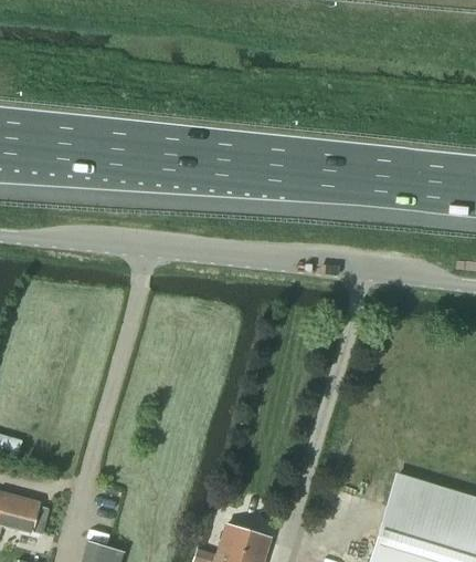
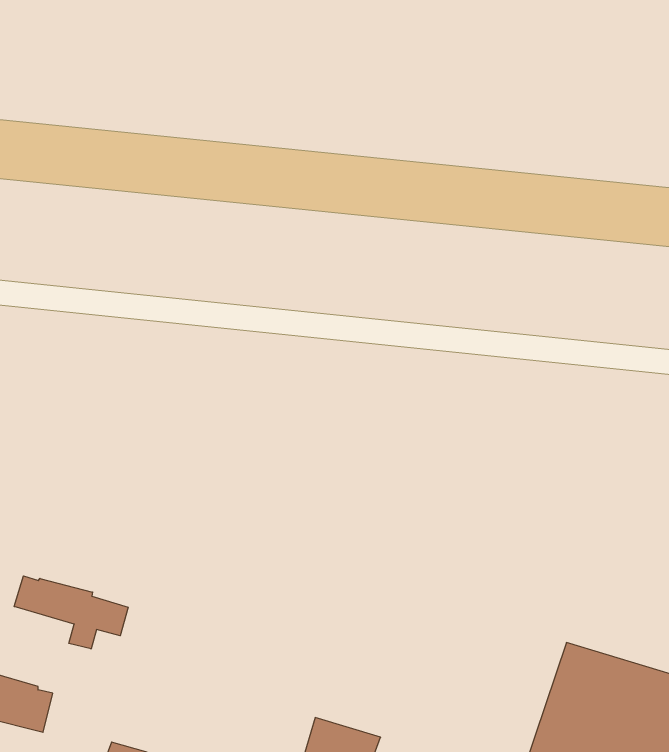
building: none -> [14,576,128,649]

